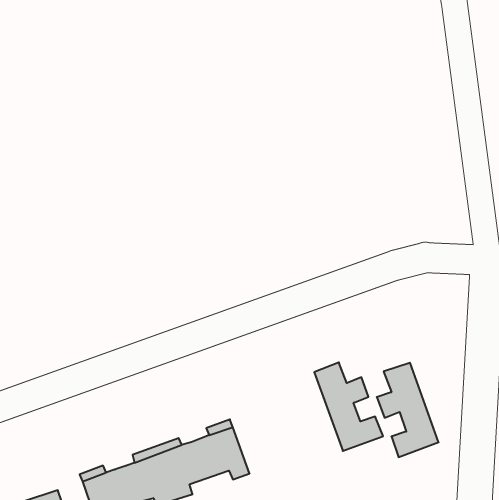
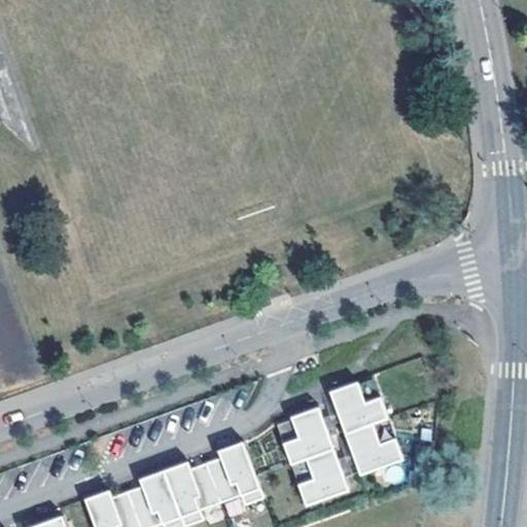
building: [377,363,439,457] -> [282,408,347,506]

